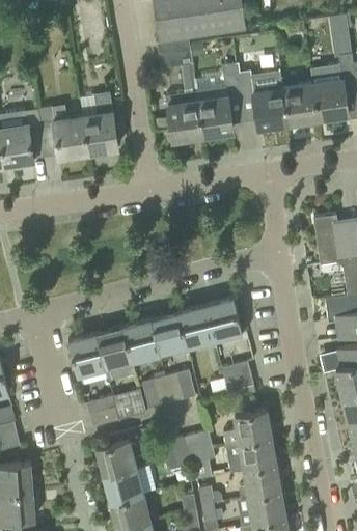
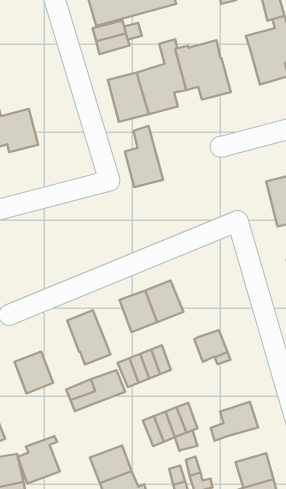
building: [283,84,319,123] -> none
building: [83,93,118,153] -> [125,126,163,187]
building: [205,299,243,339] -> none
building: [123,319,160,361] -> none
building: [68,334,105,374] -> [15,351,53,393]
building: [223,410,271,446] -> none
building: [97,430,138,475] -> [18,436,60,484]
building: [240,465,281,499] -> none

